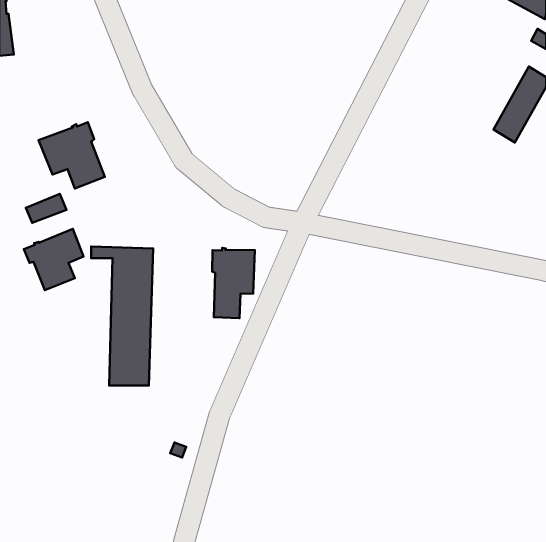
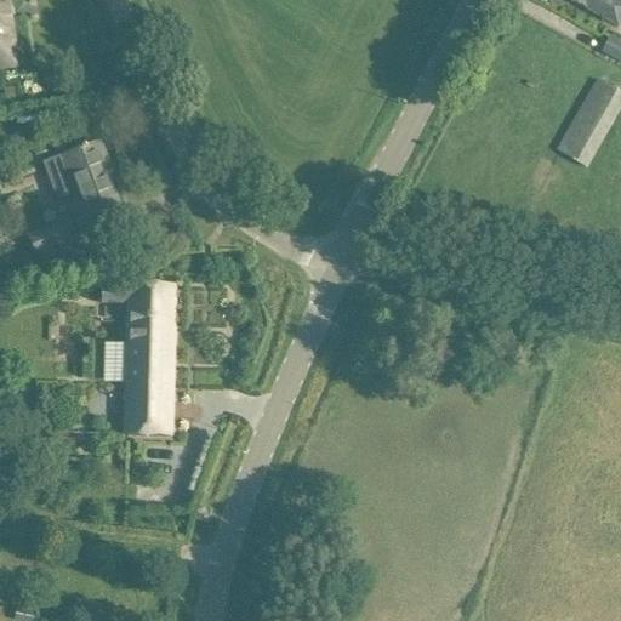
building: [24,229,83,290] -> none
building: [212,248,255,318] -> none

